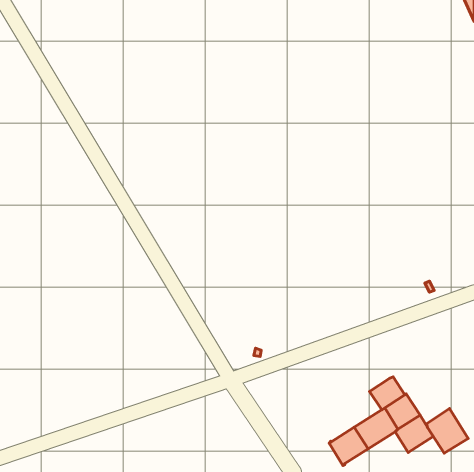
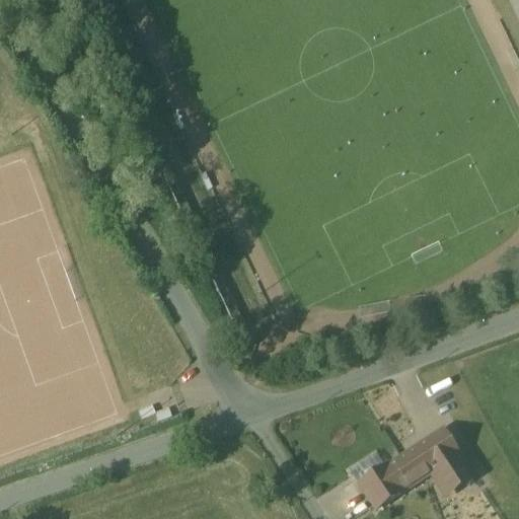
building: [369,377,405,410] -> none
building: [426,409,468,453] -> none

